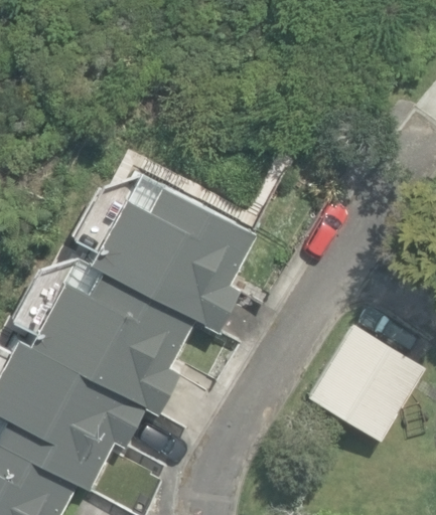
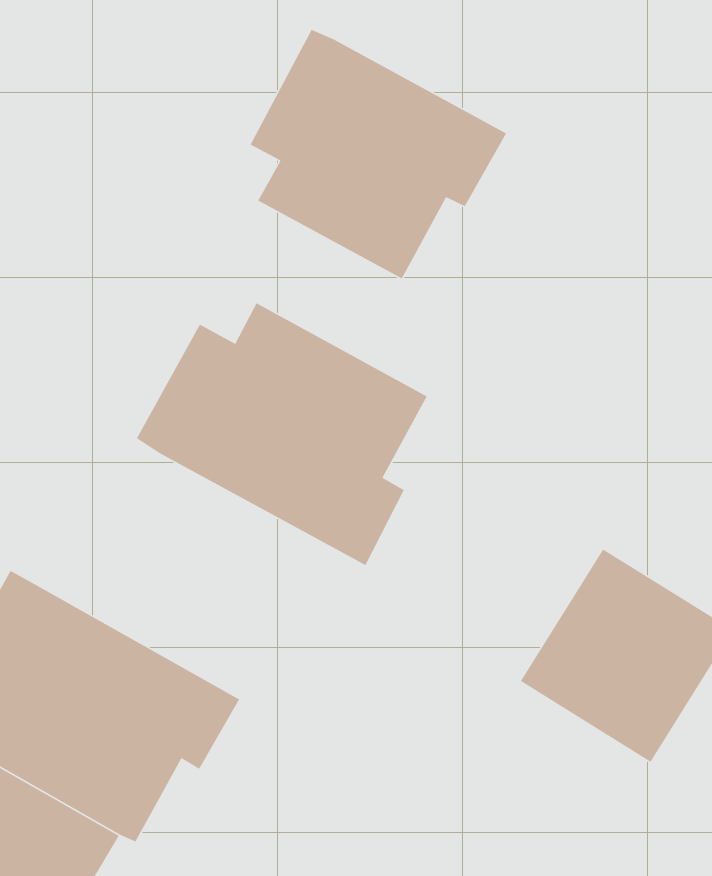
building: none -> [249,29,507,279]
building: [28,268,197,413] -> none

